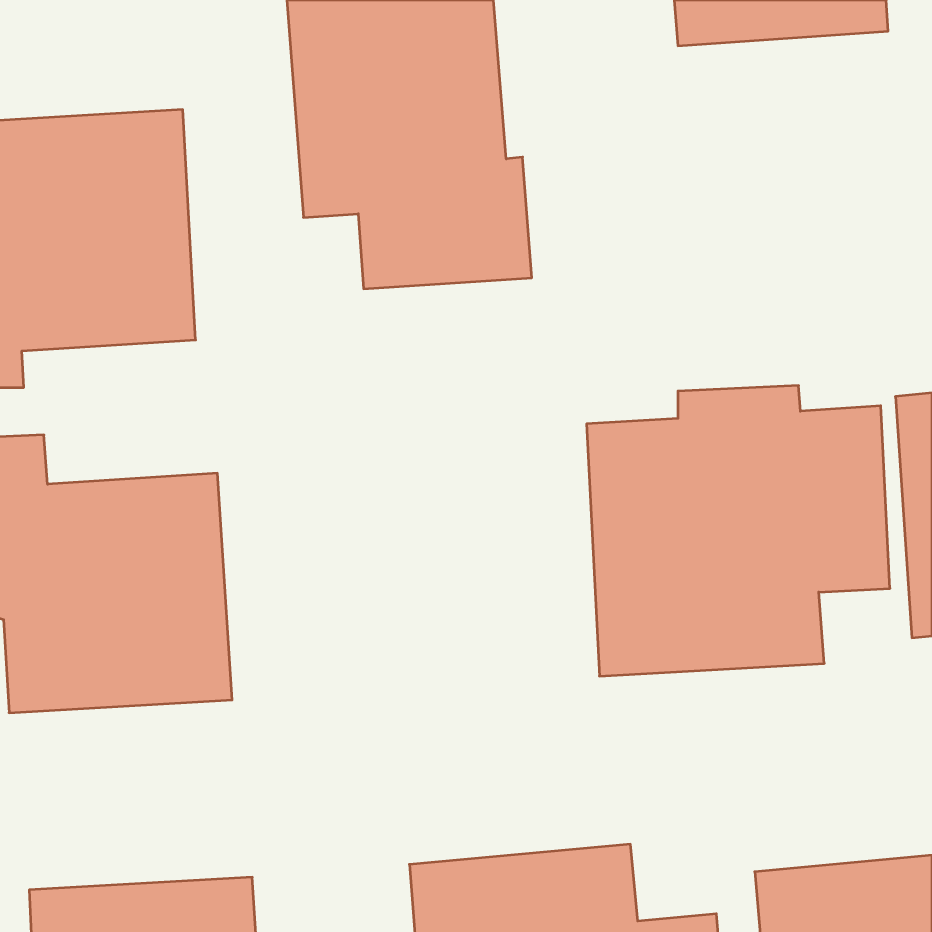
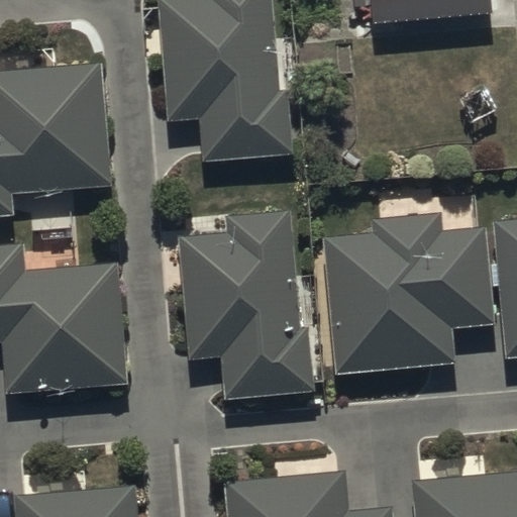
building: none -> [165,211,316,397]

